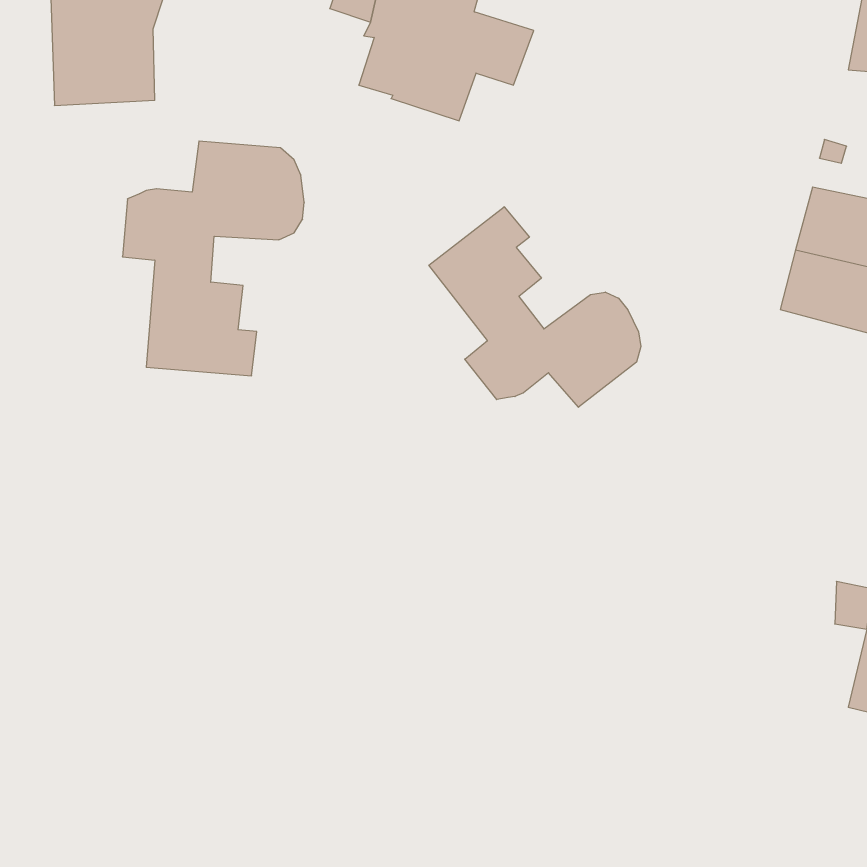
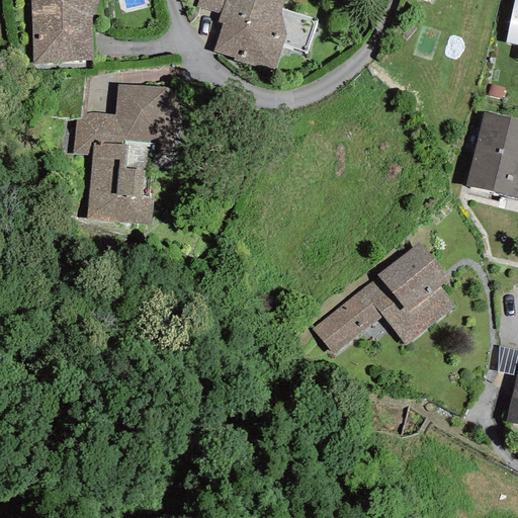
building: [429,207,641,407] -> none
building: none -> [313,242,455,354]

